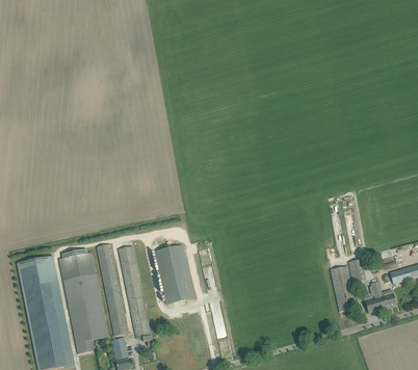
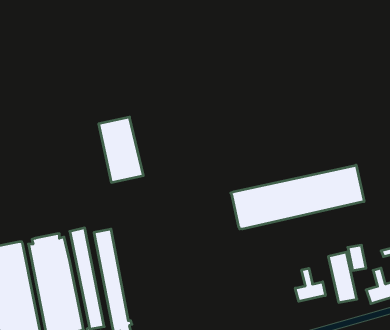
building: none -> [231,165,364,229]
building: [154,244,194,303] -> [99,117,143,182]
building: none -> [295,268,325,301]

